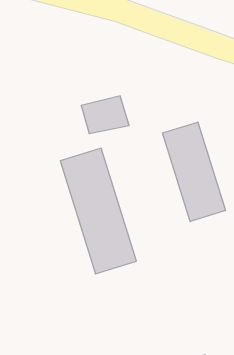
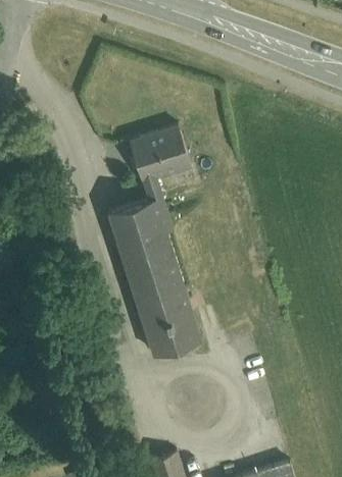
building: [163,122,225,222] -> none

